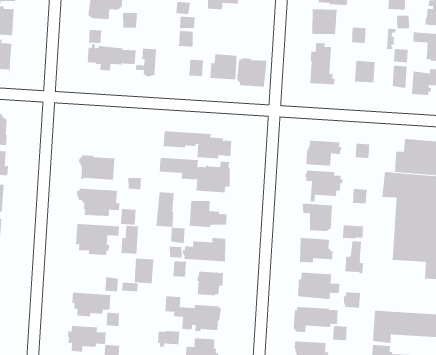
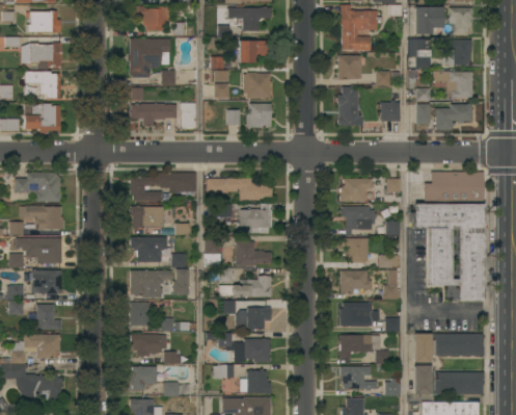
building: [236,58,267,87] -> [243,73,271,99]
building: none -> [130,173,196,201]
building: [134,258,154,284] -> [131,303,148,326]

